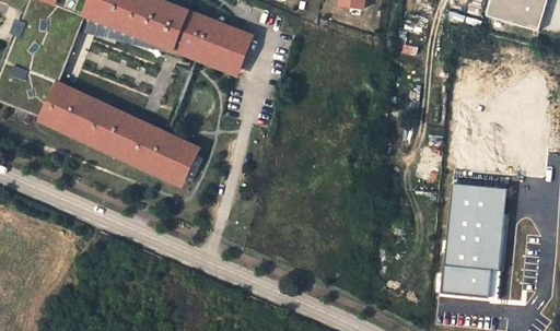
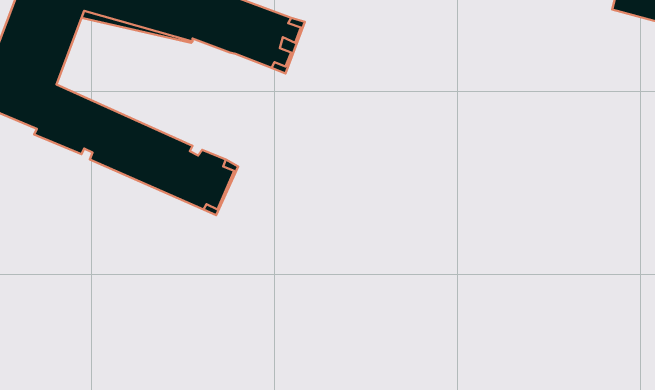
building: [448,190,513,303] -> none

